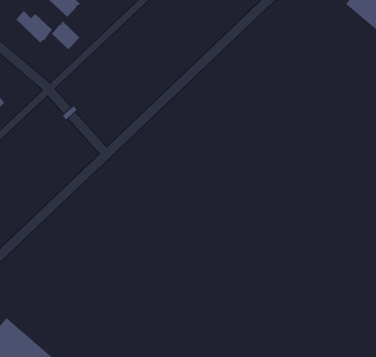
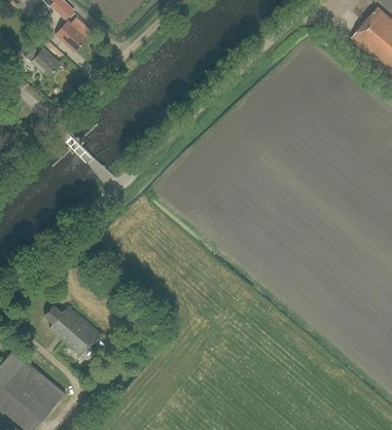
building: [51,20,80,50] -> none
building: none -> [44,304,101,356]

